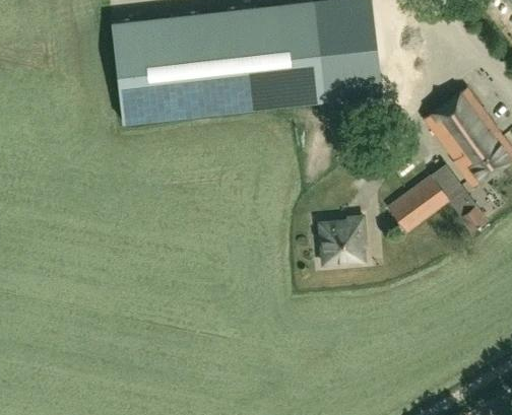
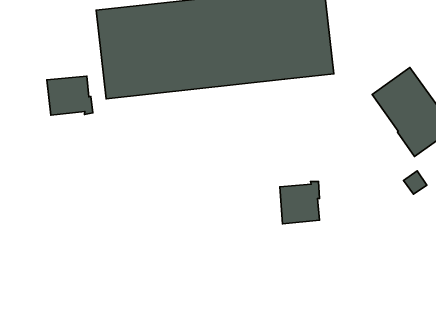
building: none -> [47,76,93,115]
building: [388,165,464,232] -> none

